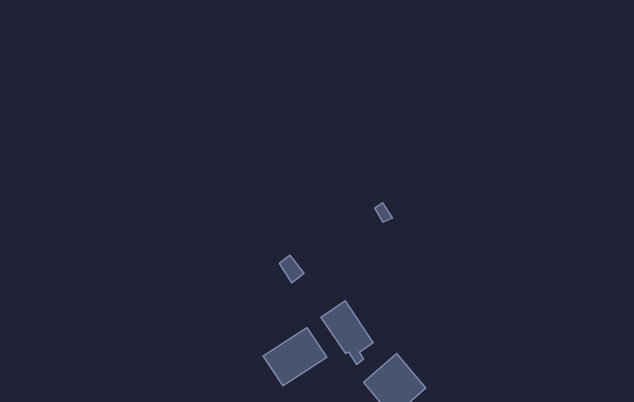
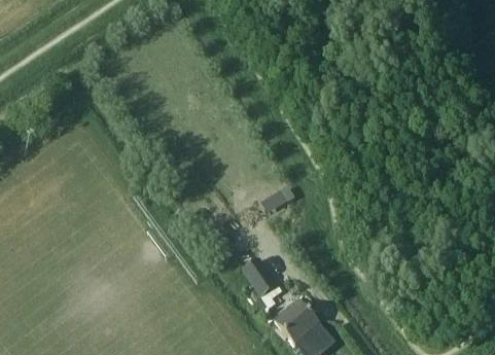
building: [263,328,327,386] -> none

